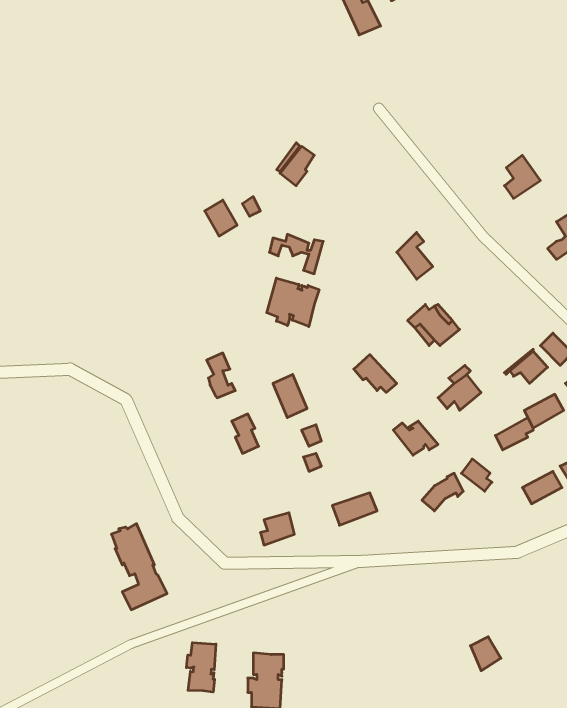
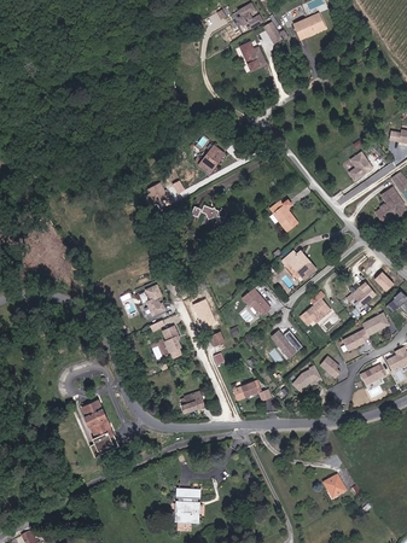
building: [267,278,319,327] -> none
building: [186,643,216,692] -> none

